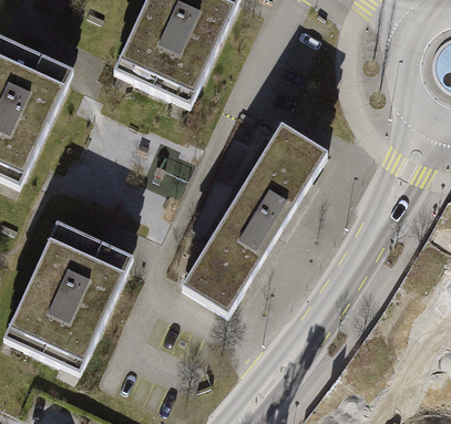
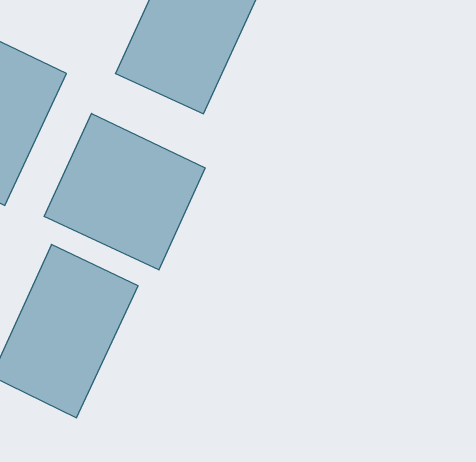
building: none -> [44,113,205,270]
building: [181,128,326,318] -> none

